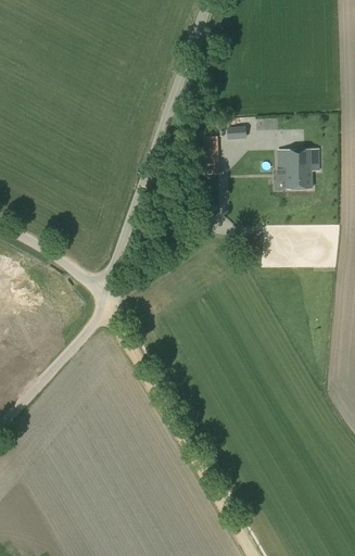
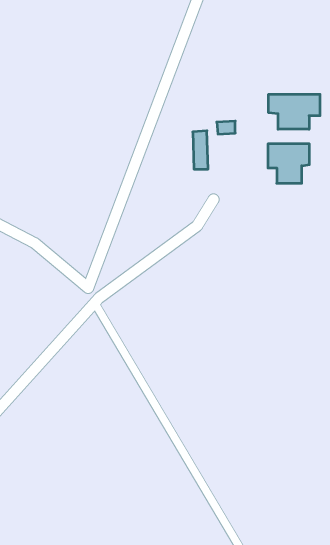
building: none -> [269,94,320,129]

